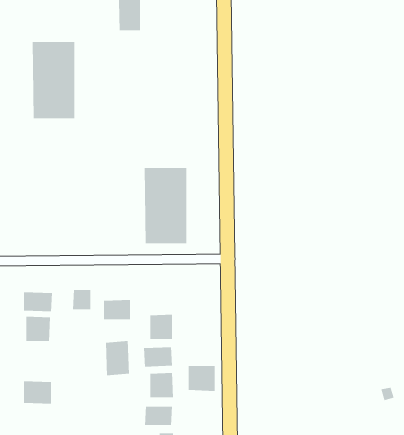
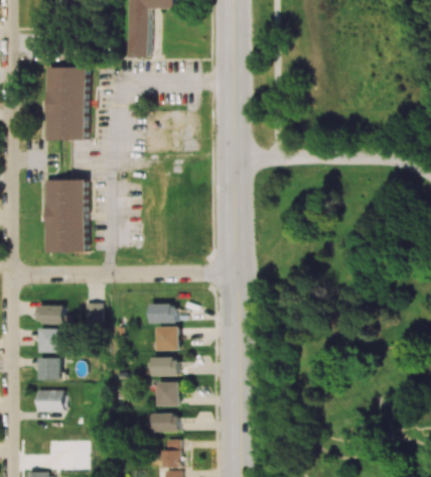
building: [144,168,187,244] -> [45,180,87,252]
building: [103,300,131,320] -> [150,304,176,323]
building: [105,340,129,376] -> none
building: none -> [38,357,61,379]
building: [188,365,215,392] -> none

